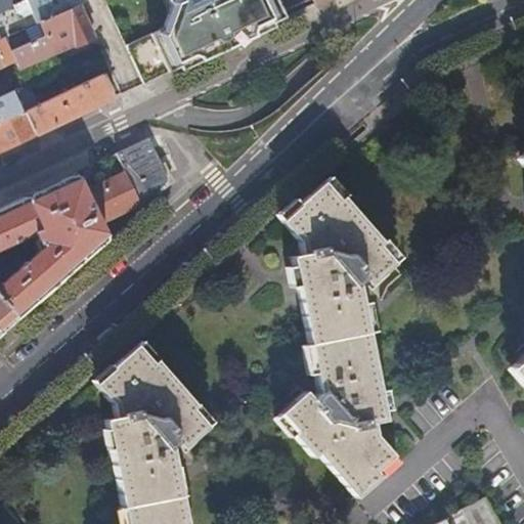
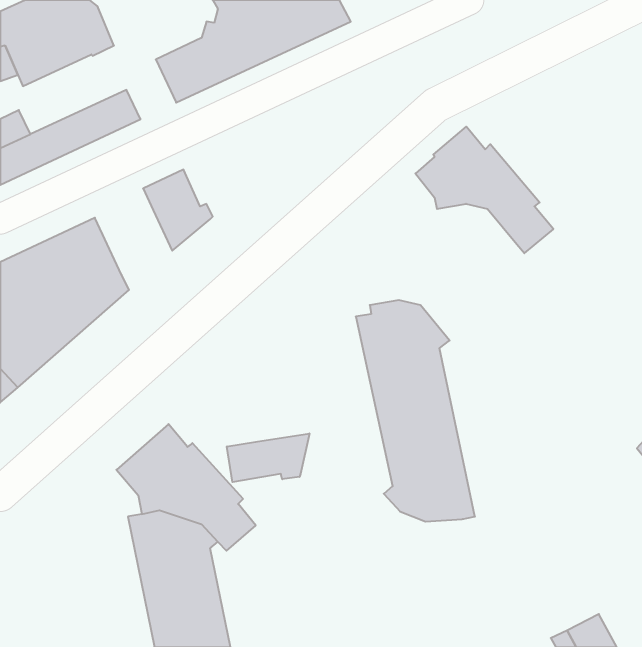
building: [87,170,143,222] -> none
building: [286,180,397,282] -> [415,127,553,253]
building: none -> [227,433,309,482]
building: [283,392,396,496] -> none

